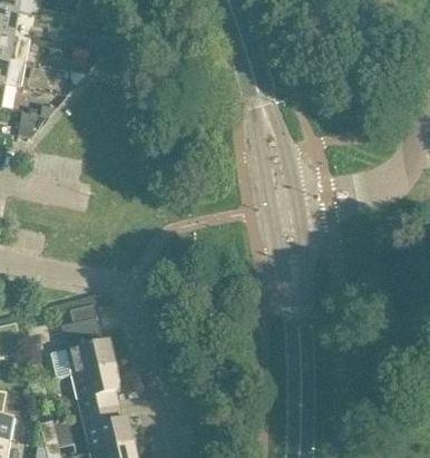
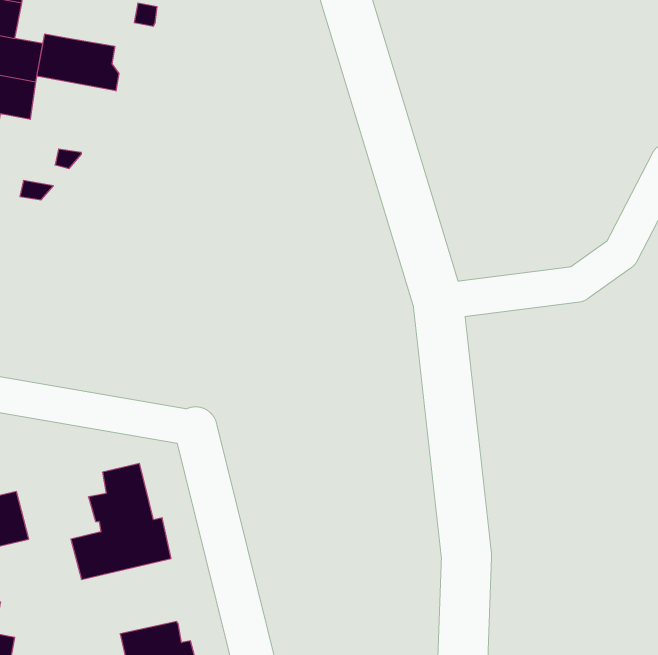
building: none -> [37,34,119,91]
building: [72,364,121,412] -> none

